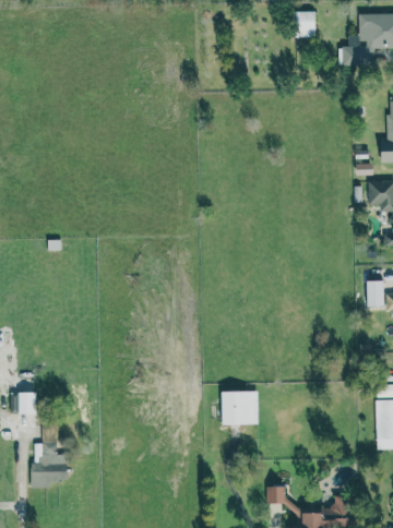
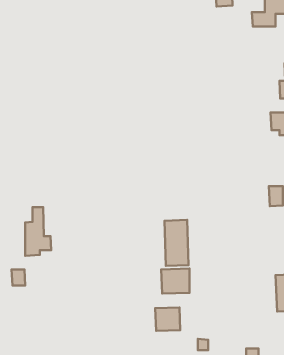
building: none -> [165,220,189,266]
building: [32,423,67,489] -> [25,207,51,256]
building: none -> [155,308,180,331]

